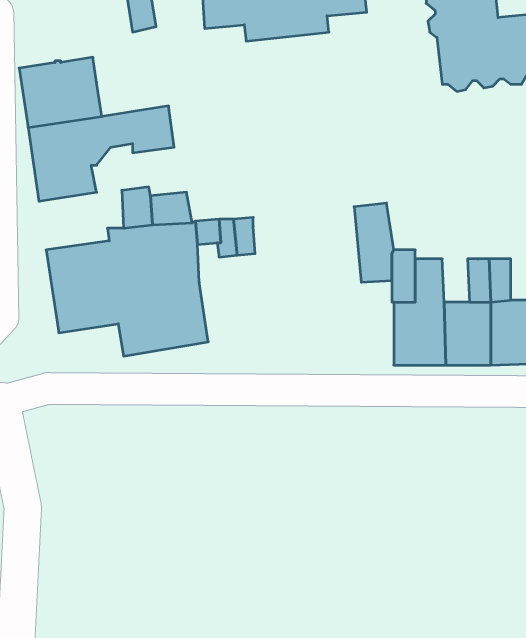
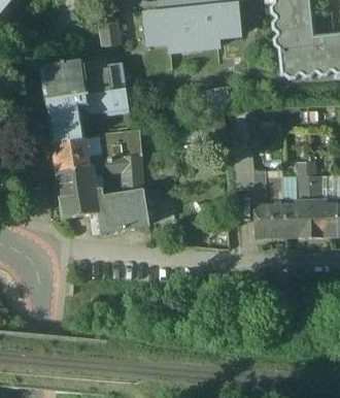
building: none -> [84,64,126,95]
building: none -> [52,138,92,171]

